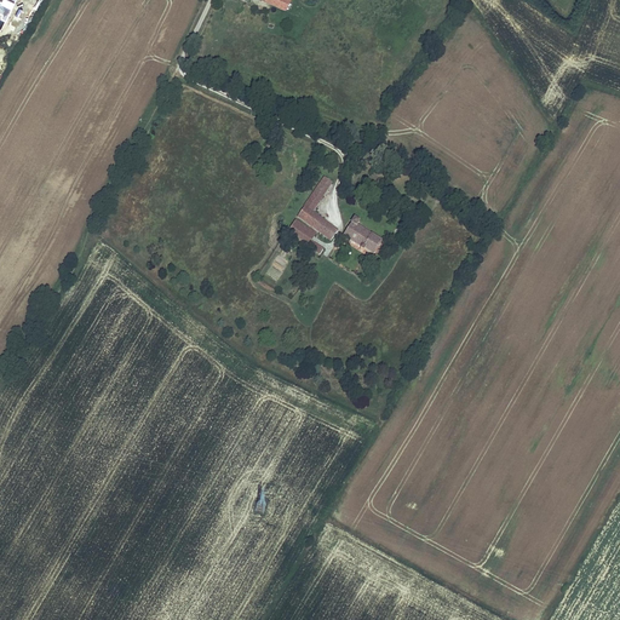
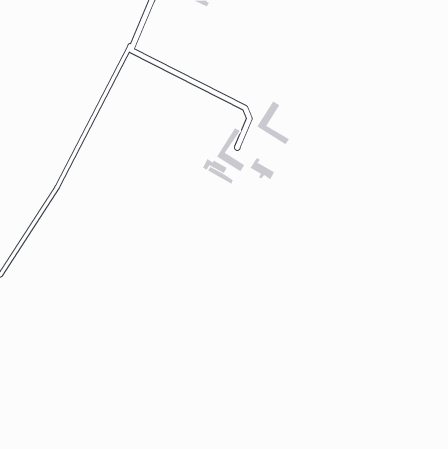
building: none -> [257,100,290,145]

